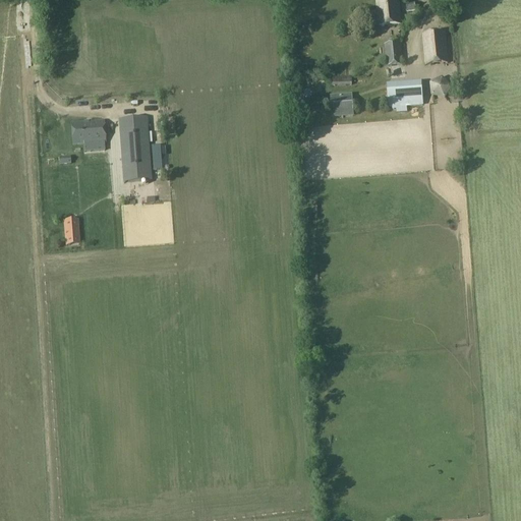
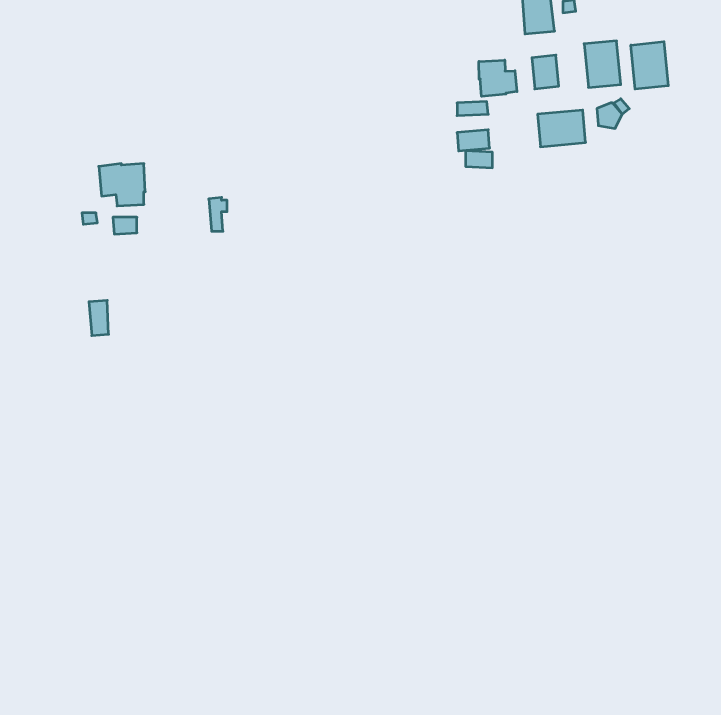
building: none -> [631,42,668,89]
building: none -> [479,60,517,96]
building: [120,115,150,179] -> none

